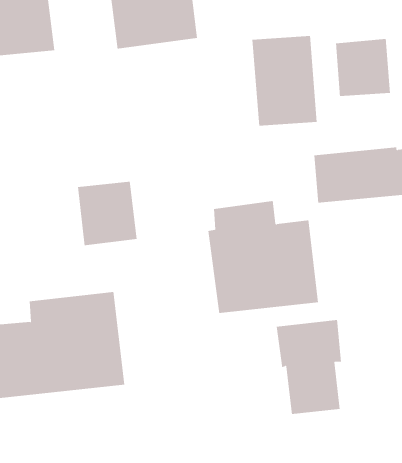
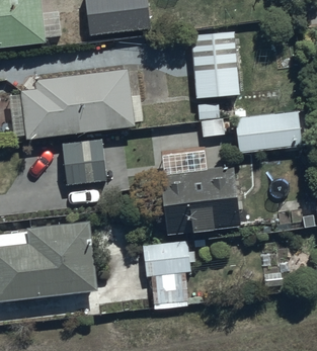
building: [335,38,391,97] -> none
building: none -> [20,67,135,138]
building: [276,320,342,415] -> [143,241,191,311]

